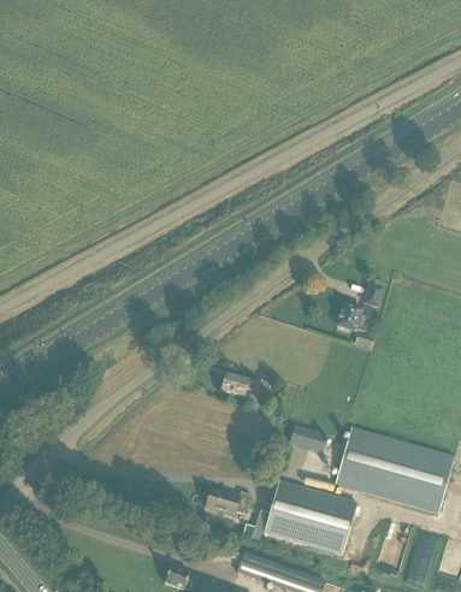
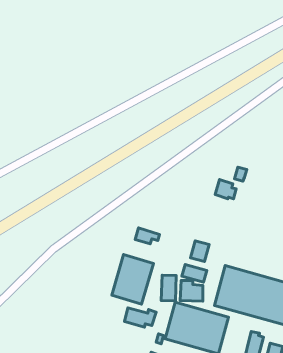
building: none -> [191,241,209,262]
building: none -> [112,255,153,304]
building: none -> [161,275,176,301]

